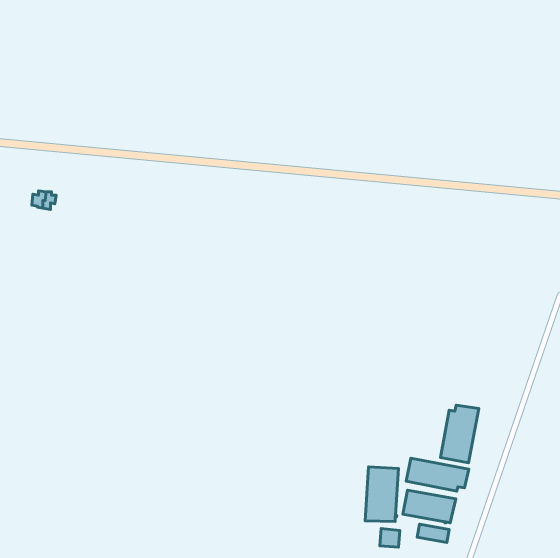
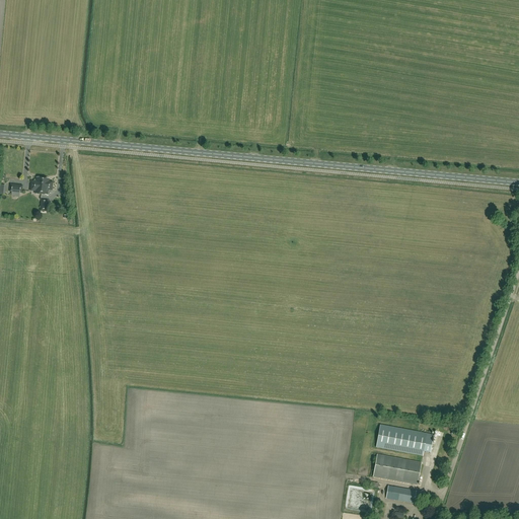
building: [441,405,479,463] -> none
building: [365,467,398,521] -> none

